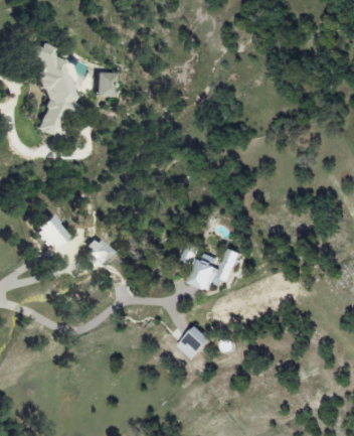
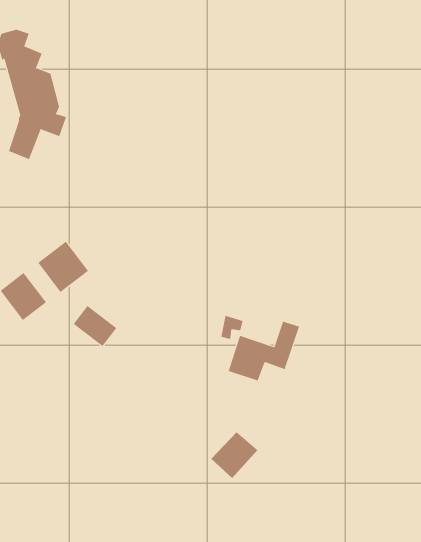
building: [98,71,114,96] -> none
building: none -> [38,241,89,293]

